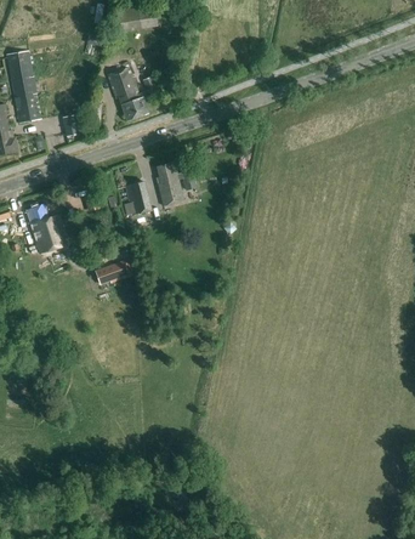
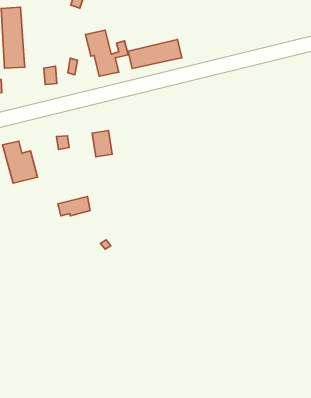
building: none -> [128,40,182,68]
building: [154,163,194,205] -> none

